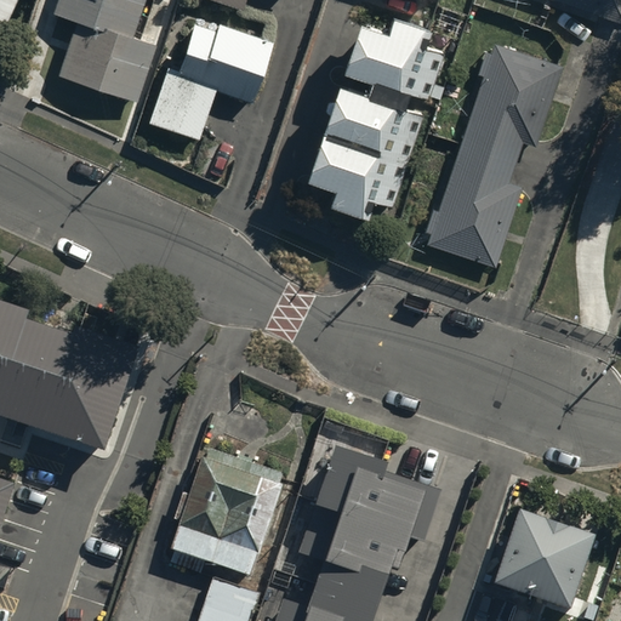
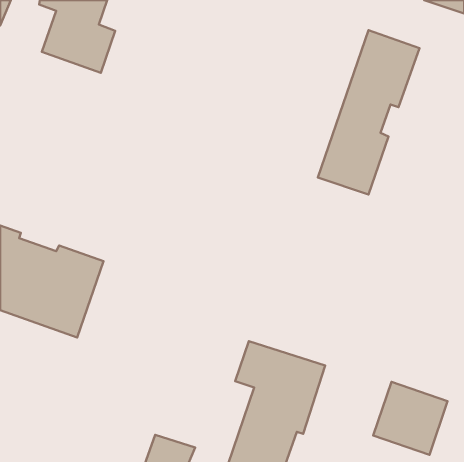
building: [307,12,426,210] -> none
building: [146,15,272,139] -> none
building: [169,452,286,579] -> none

